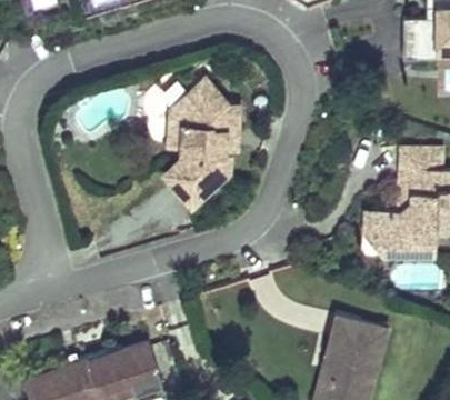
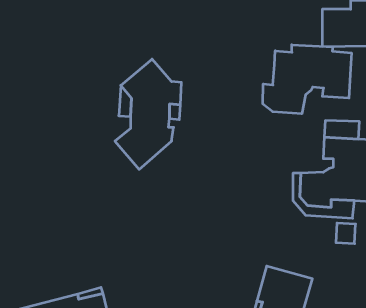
building: none -> [263,45,351,114]

